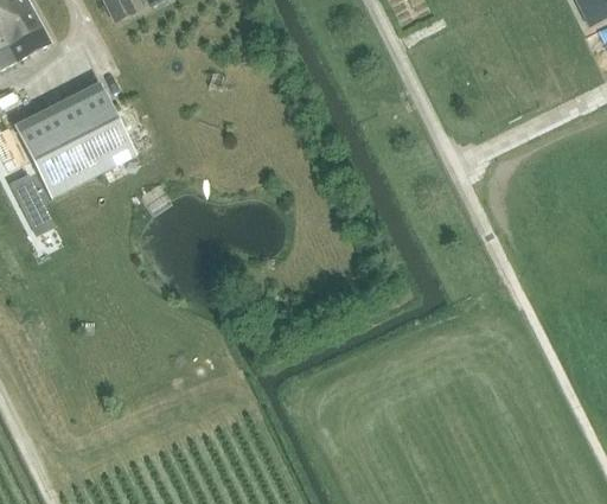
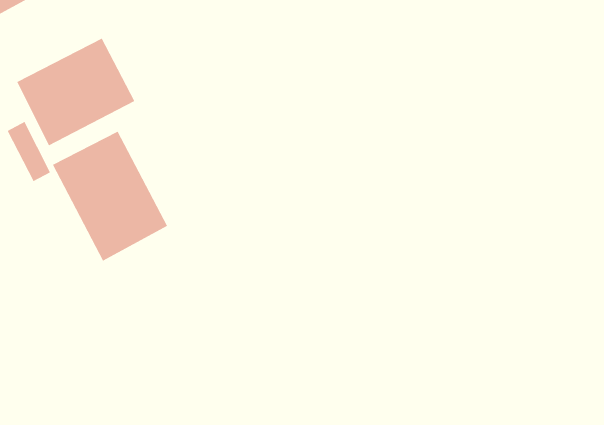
building: none -> [52,131,168,262]

